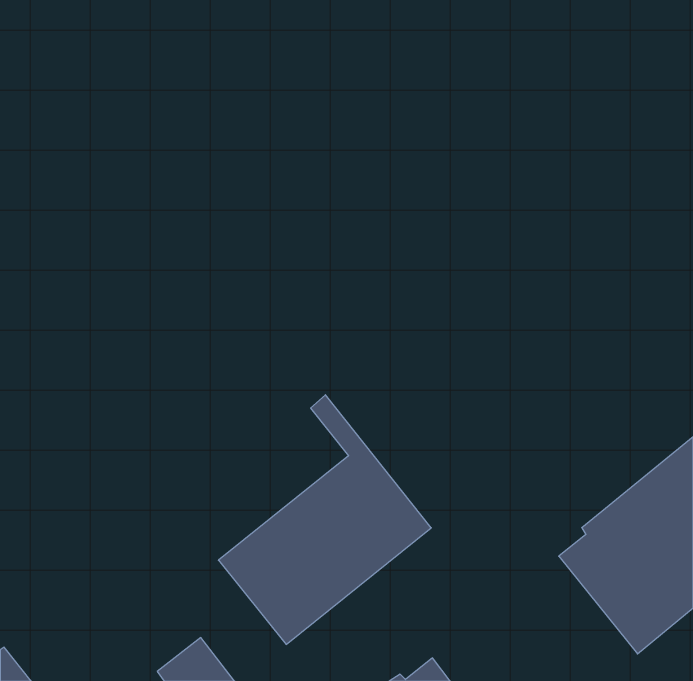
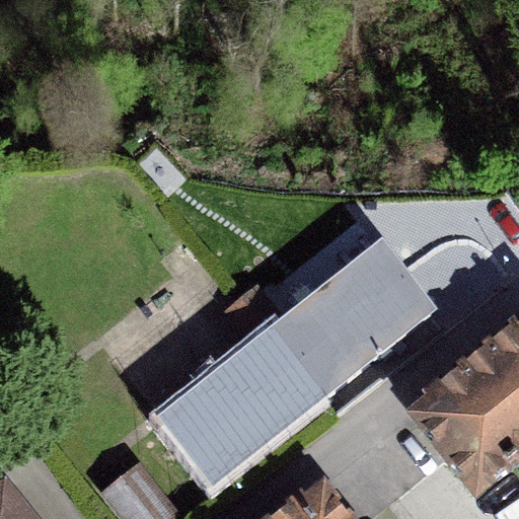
building: none -> [243,244,432,394]

